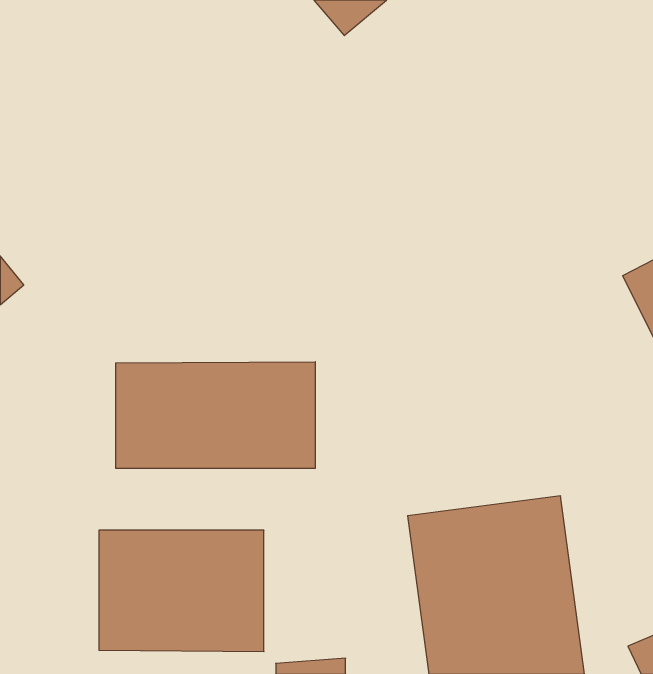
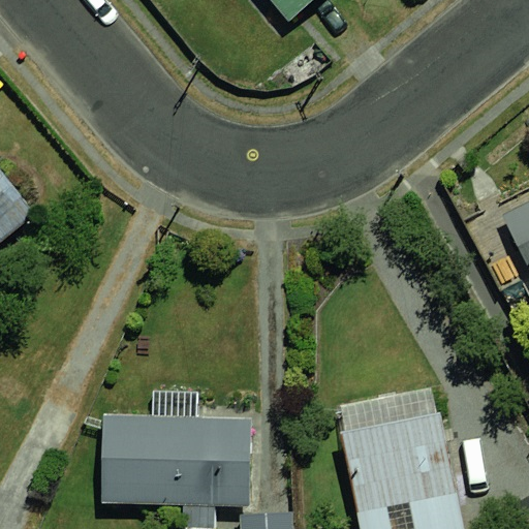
building: [116,362,315,468] -> none

